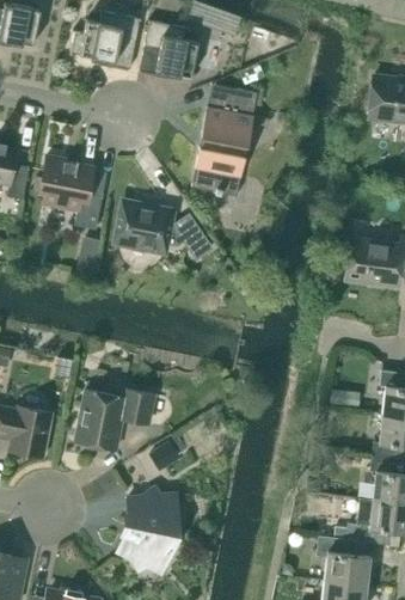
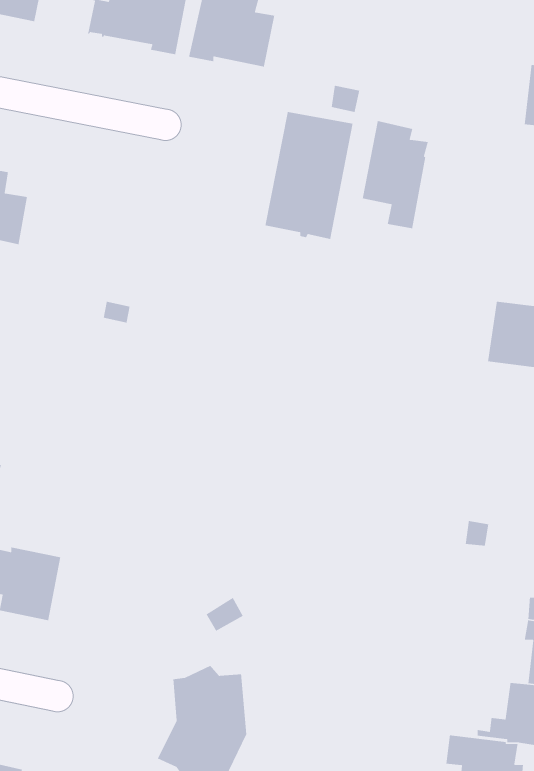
building: none -> [362,120,429,229]
building: [32,154,102,228] -> none
building: [115,201,210,257] -> none
building: [75,388,154,449] -> none

